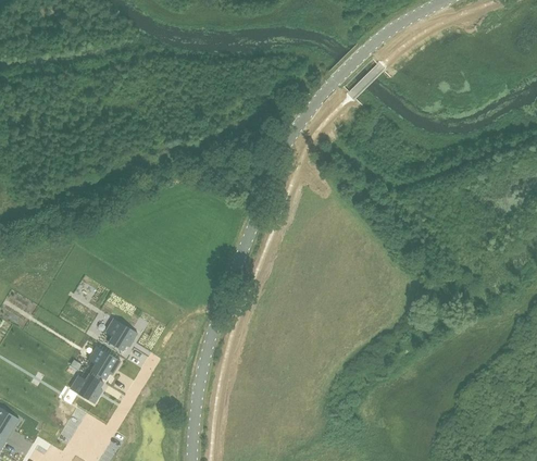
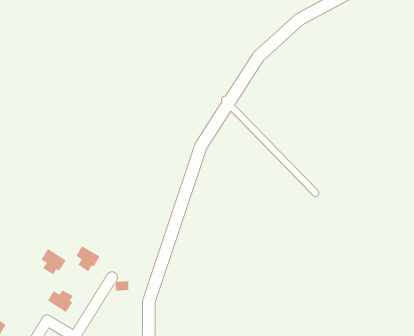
building: [88,345,121,378] -> [41,248,66,275]

